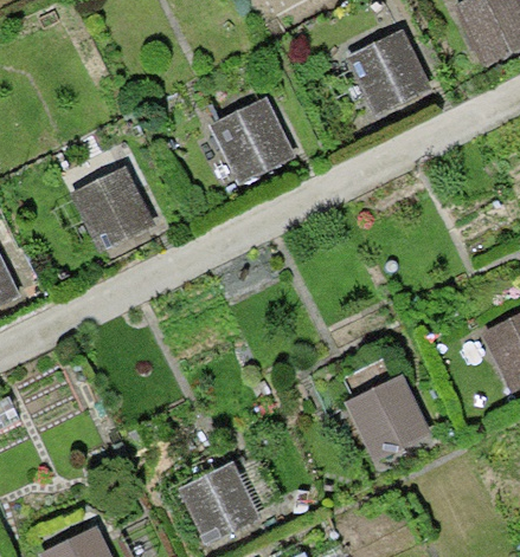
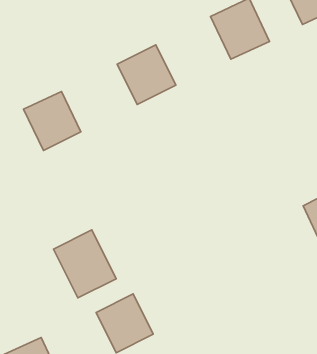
building: none -> [53,230,116,298]
building: [346,374,432,462] -> none

